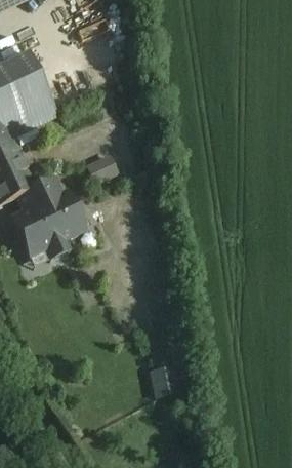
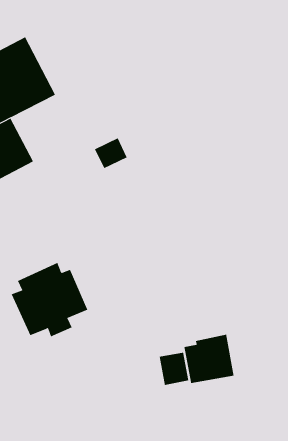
building: [17,180,93,254] -> [11,262,88,337]
building: none -> [184,334,234,384]

